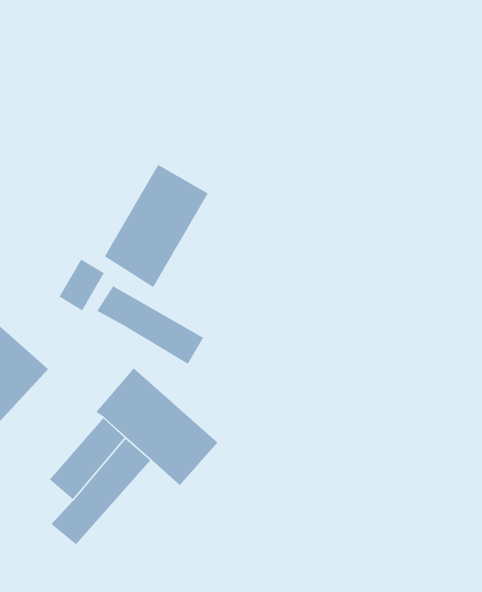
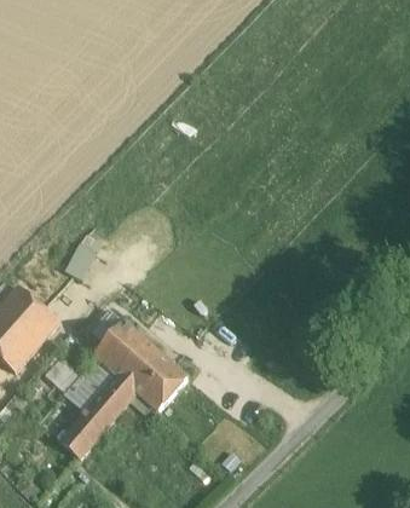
building: [104,164,209,288] -> none
building: [96,285,204,365] -> none

